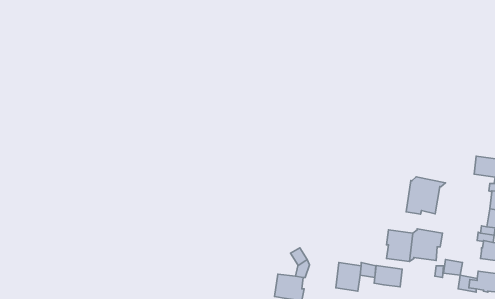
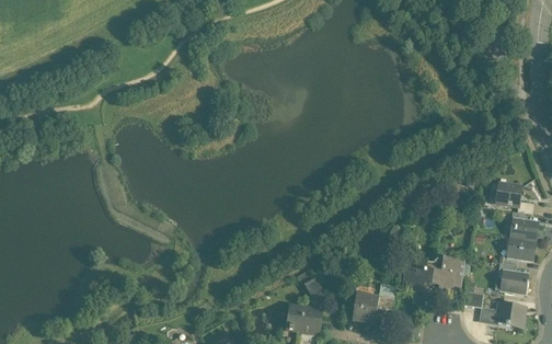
building: [406,177,445,214] -> none
building: [374,266,402,287] -> none

